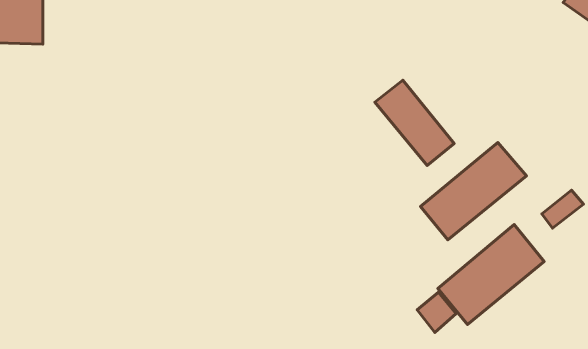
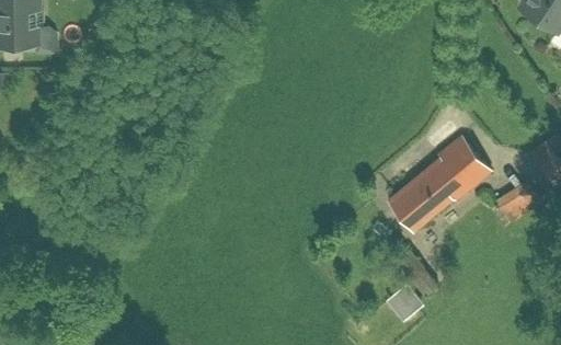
building: [375,80,454,165] -> none
building: [438,224,544,324] -> none

